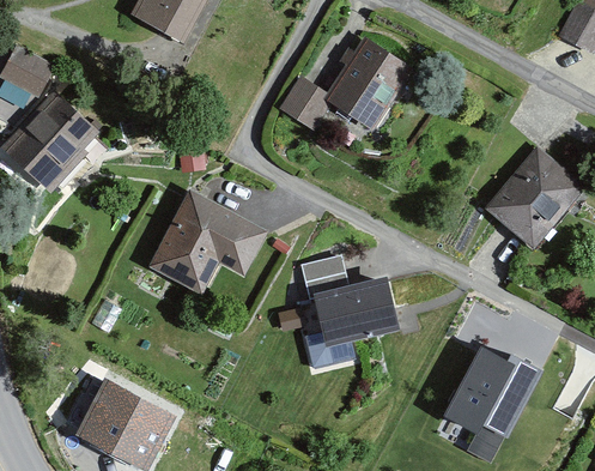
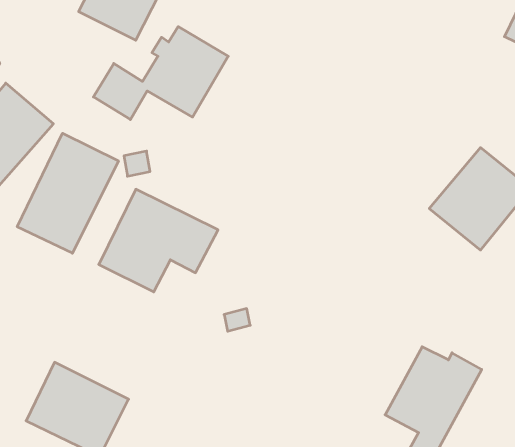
building: [277,41,412,134] -> [93,27,228,120]
building: none -> [17,133,118,253]
building: [296,260,402,345] -> none

